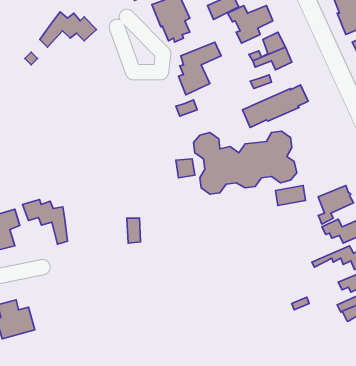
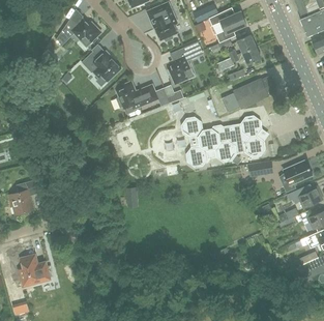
building: none -> [81,50,120,81]
building: none -> [115,81,157,109]
building: [23,199,68,244] -> none

